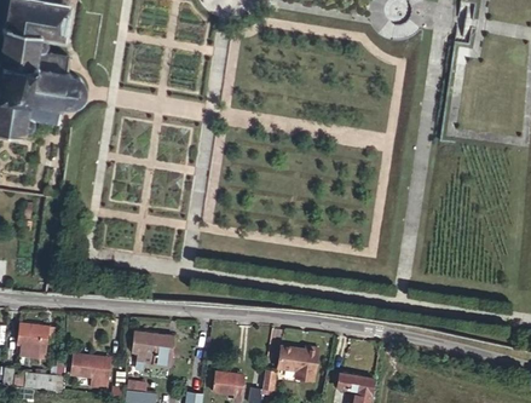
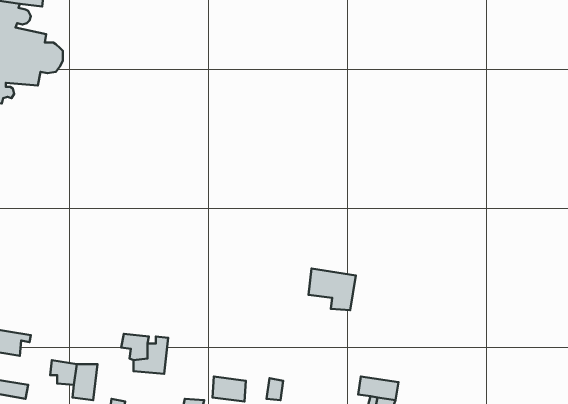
building: [279,344,321,380] -> [309,269,356,310]

